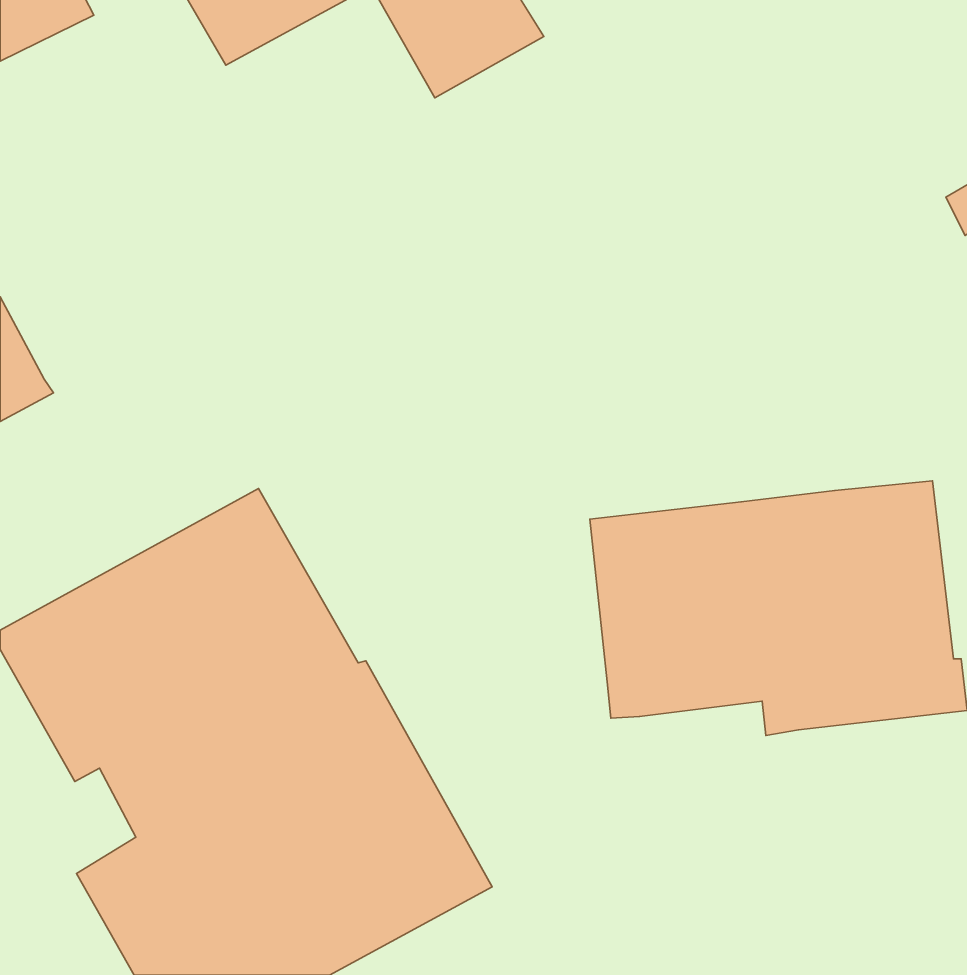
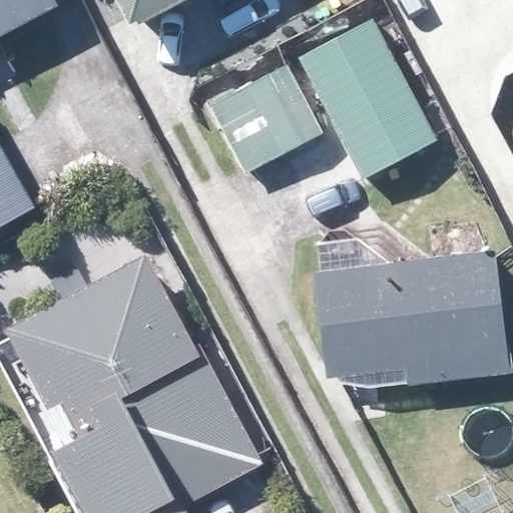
building: none -> [298,18,434,177]
building: none -> [210,64,323,171]

